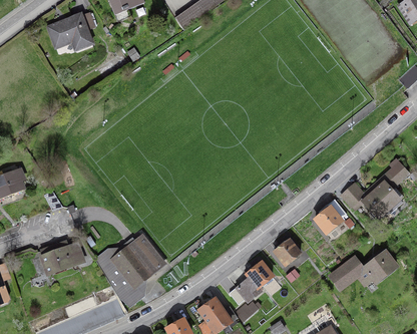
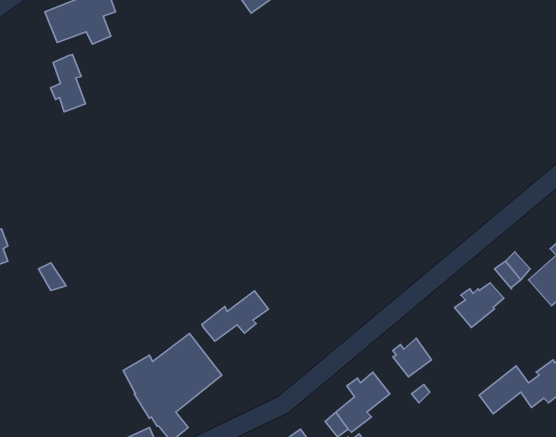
building: none -> [50,55,86,112]
building: none -> [202,291,268,341]
building: [41,242,83,273] -> none

